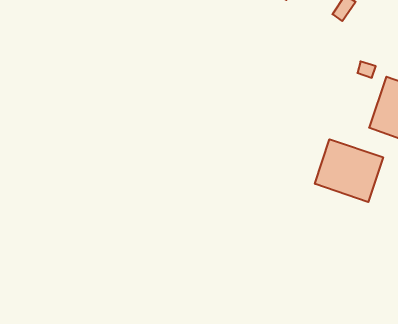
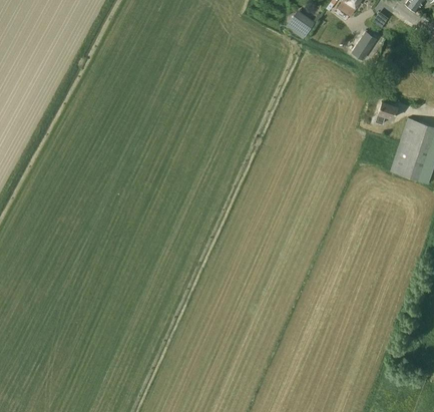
building: [315,139,383,202] -> none

